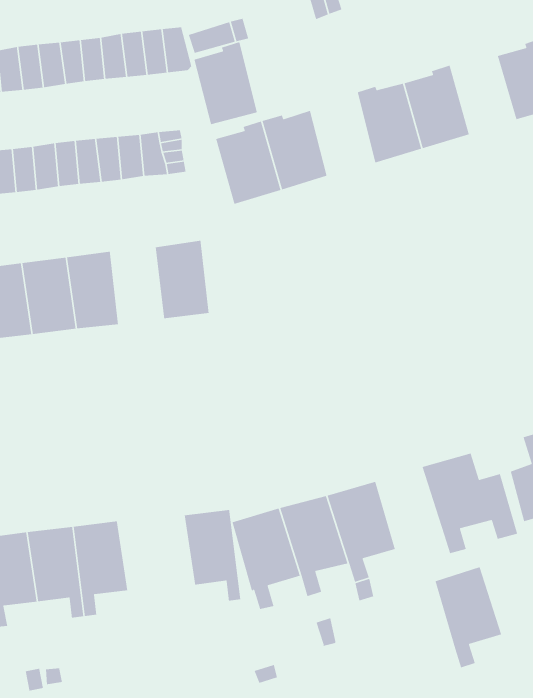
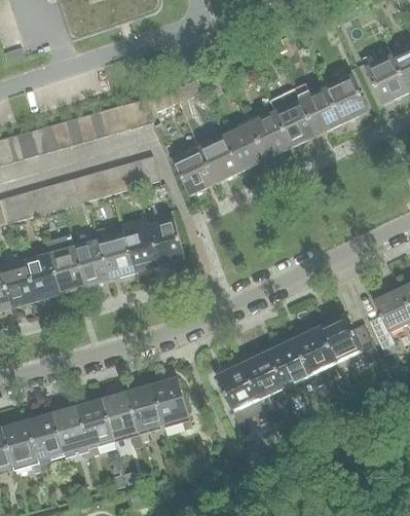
building: [194,41,258,125] -> [224,119,265,170]
building: none -> [299,86,341,134]
building: none -> [123,225,159,272]
building: [184,509,241,602] -> [151,376,191,429]
building: [434,566,502,668] -> [294,326,337,385]

